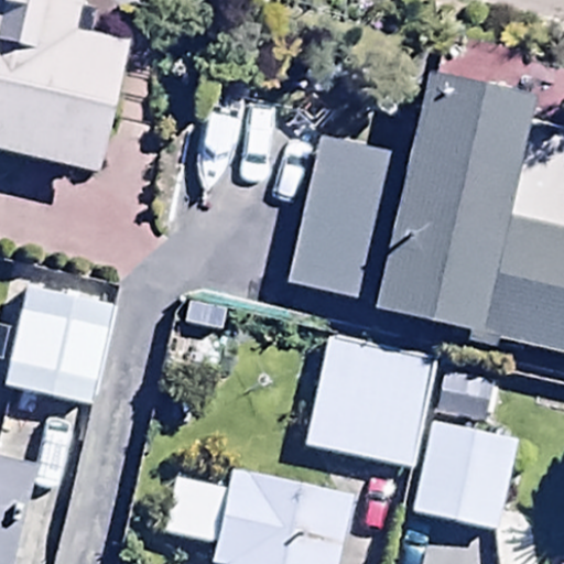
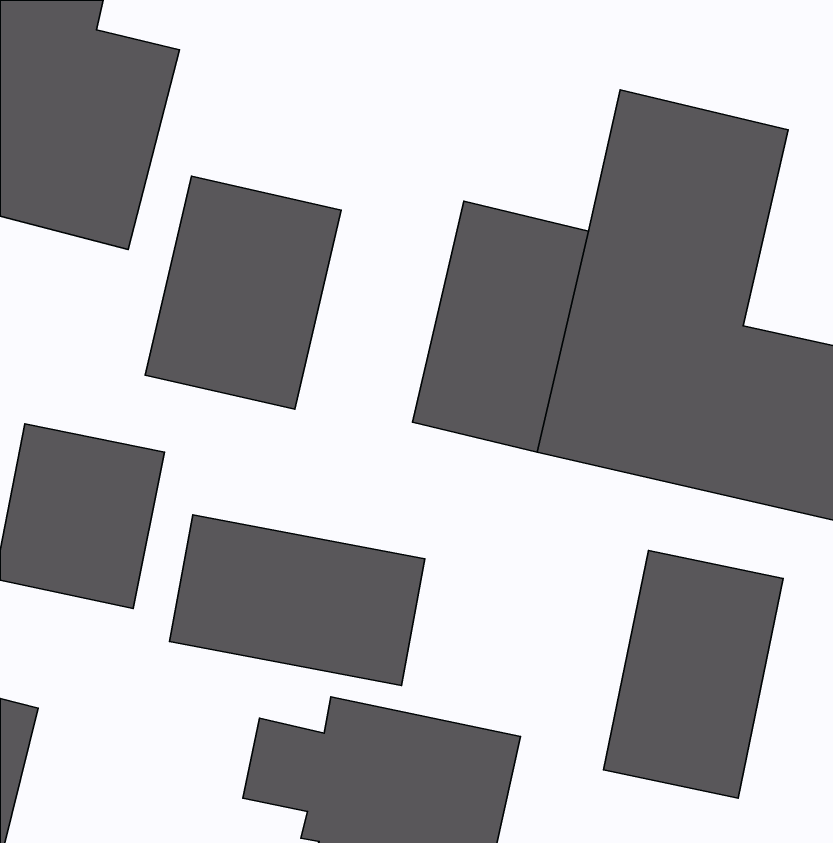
building: none -> [145,176,341,409]
building: [306,337,436,467] -> none
building: none -> [170,515,425,685]

